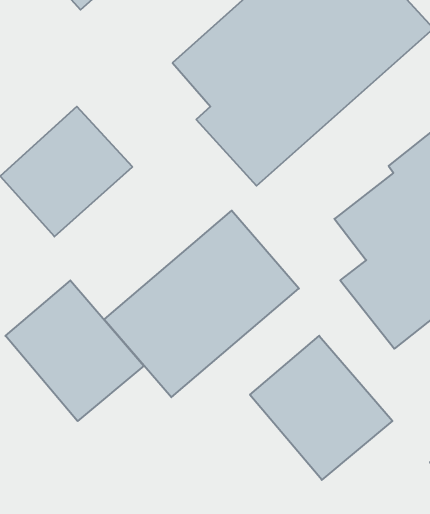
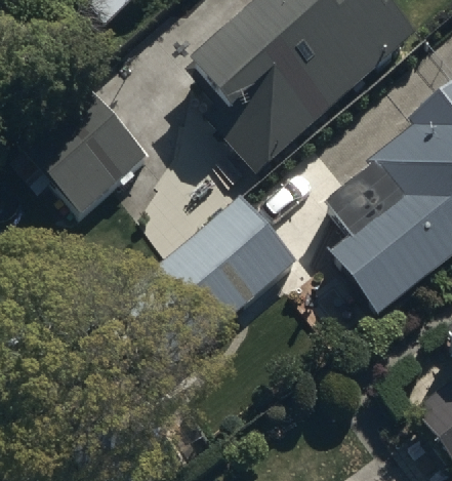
building: [5,280,144,421] -> none
building: [250,336,392,480] -> none

